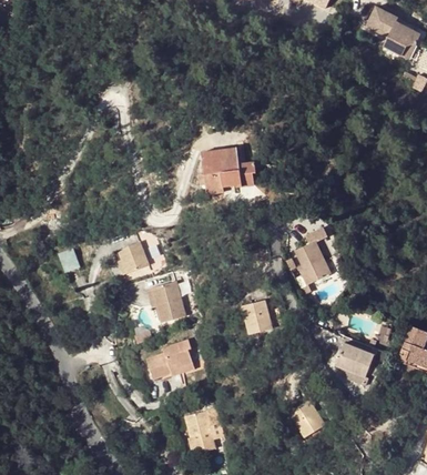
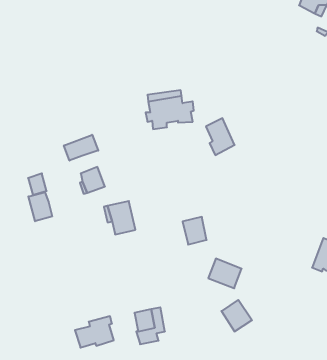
building: none -> [64,135,98,161]
building: [295,241,329,285] -> [206,118,235,155]
building: none -> [28,192,52,221]
building: [145,338,192,376] -> [75,316,114,348]
building: [335,343,375,378] -> [208,259,242,288]

